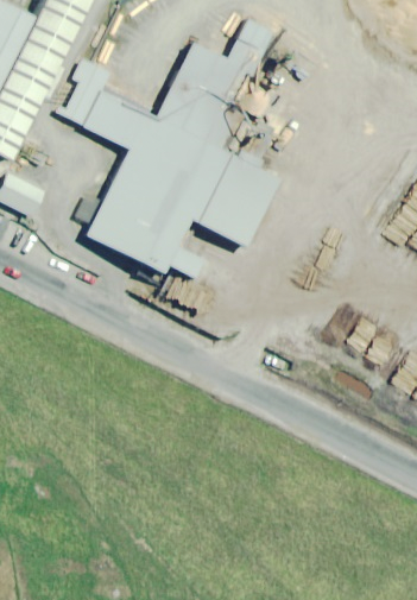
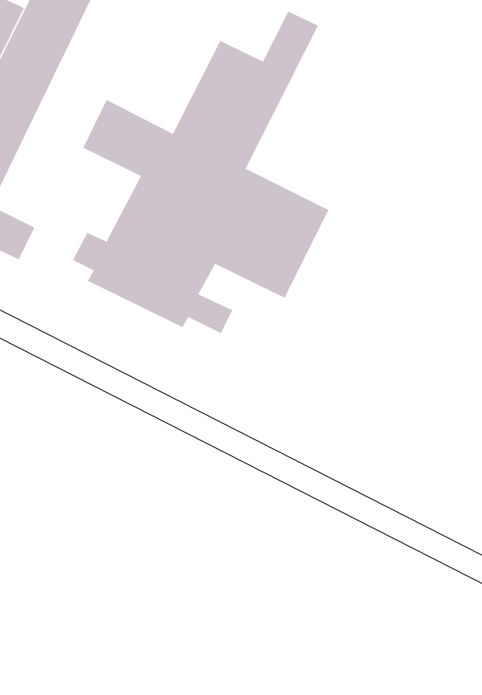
building: [55,56,110,127] -> none

